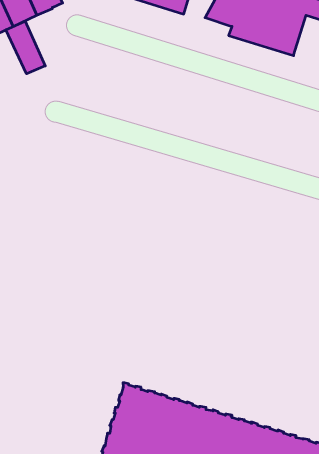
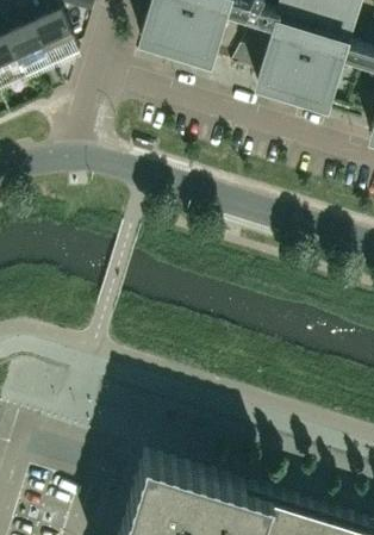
building: [6,21,45,74] -> none

